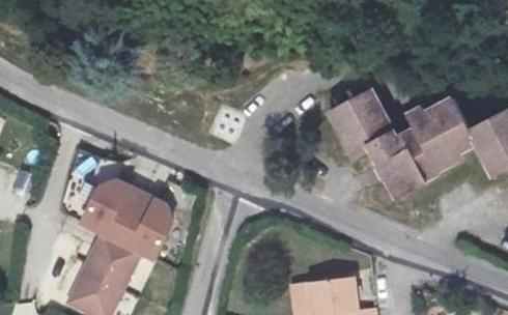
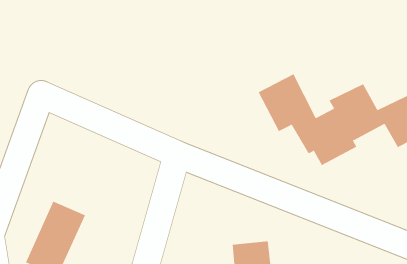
building: [80,176,174,259] -> none

